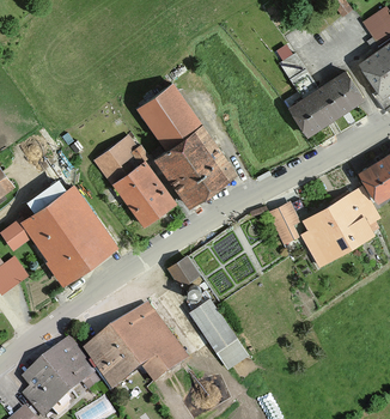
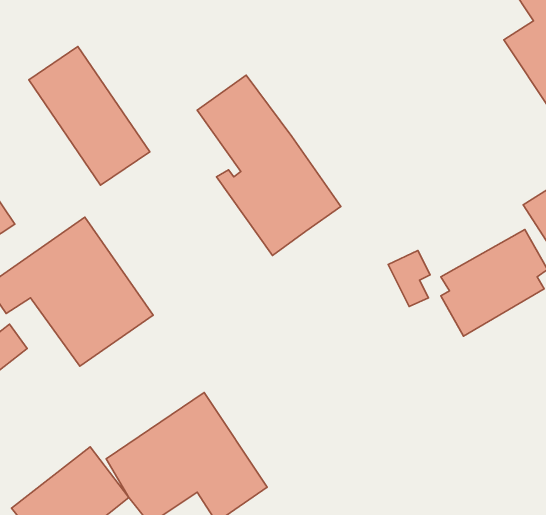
building: [278,50,361,134] -> none
building: [93,133,176,227] -> [29,47,150,185]
building: [163,251,197,286] -> none
building: [184,294,246,370] -> none

